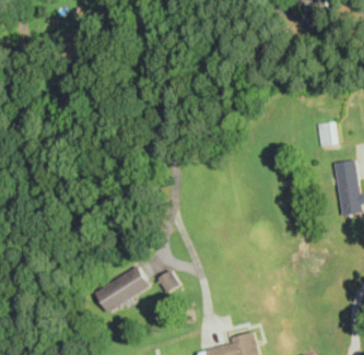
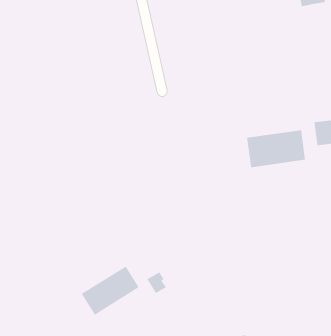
building: none -> [247,129,306,168]

